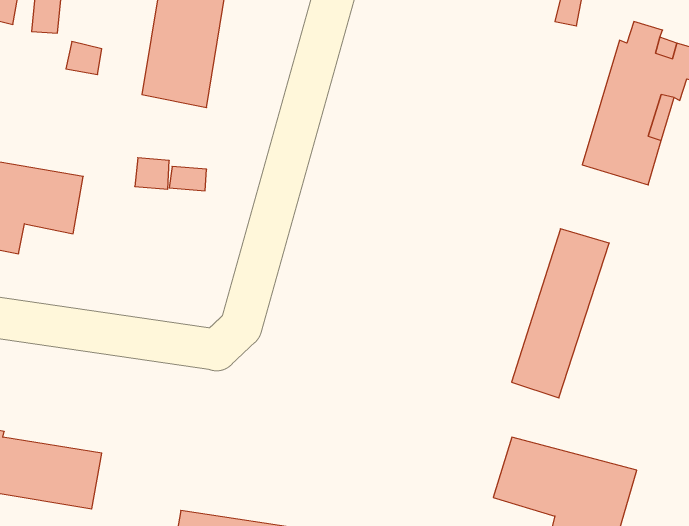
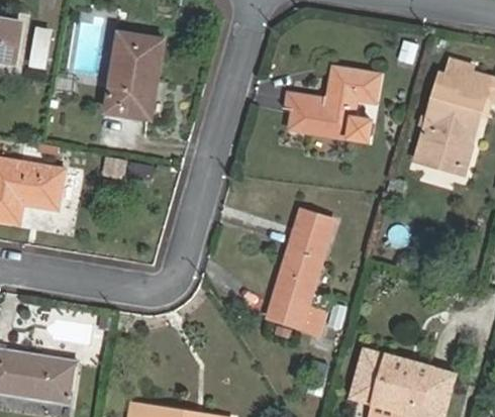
building: none -> [285,67,378,140]
building: [512,229,609,398] -> [266,210,334,329]

